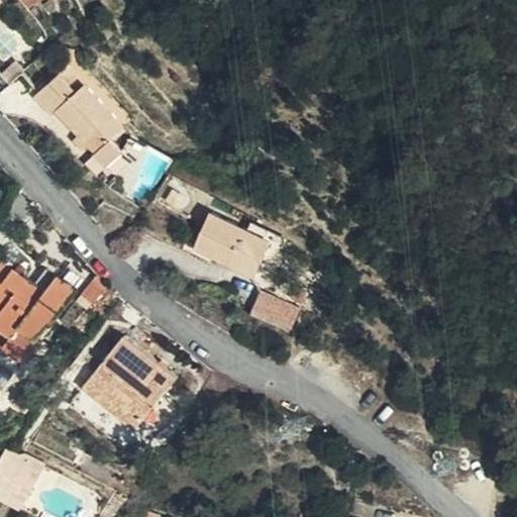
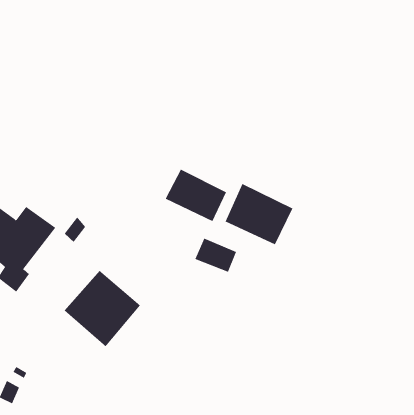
building: [30,72,137,168] -> none
building: none -> [225,183,293,245]

